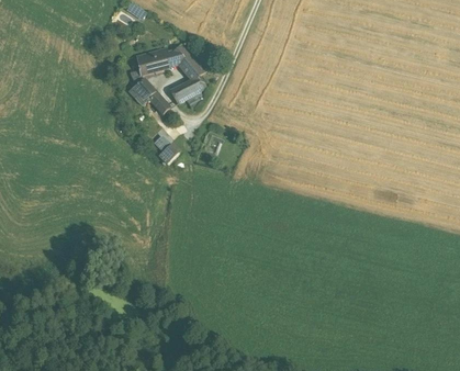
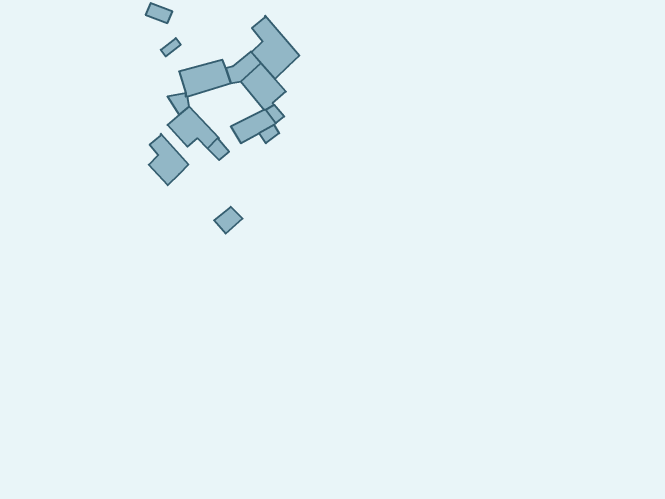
building: none -> [252,16,299,79]
building: none -> [149,134,188,185]

